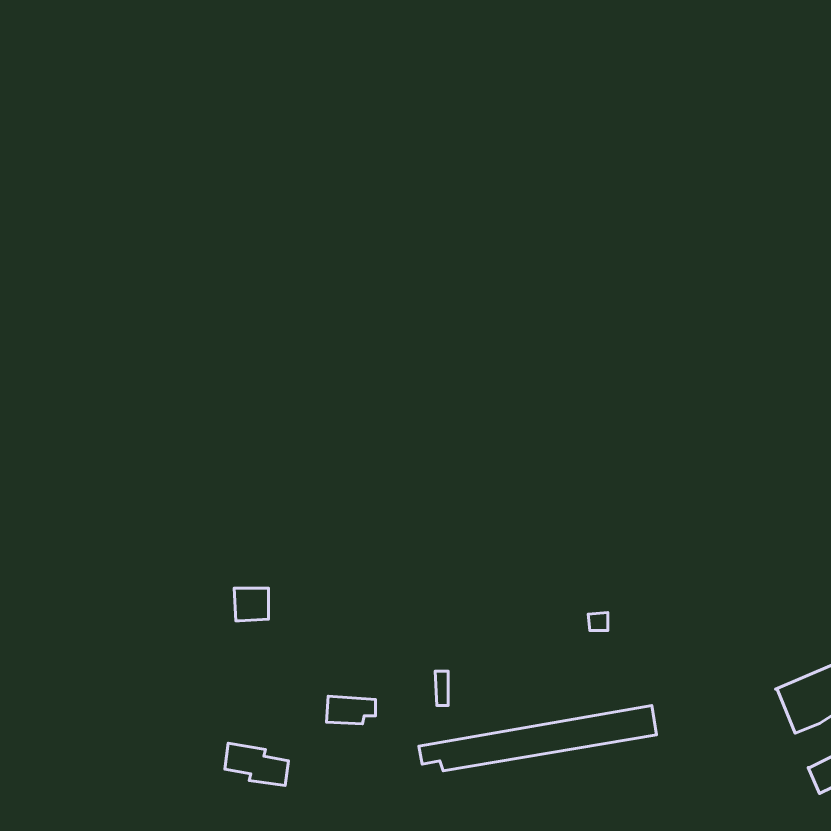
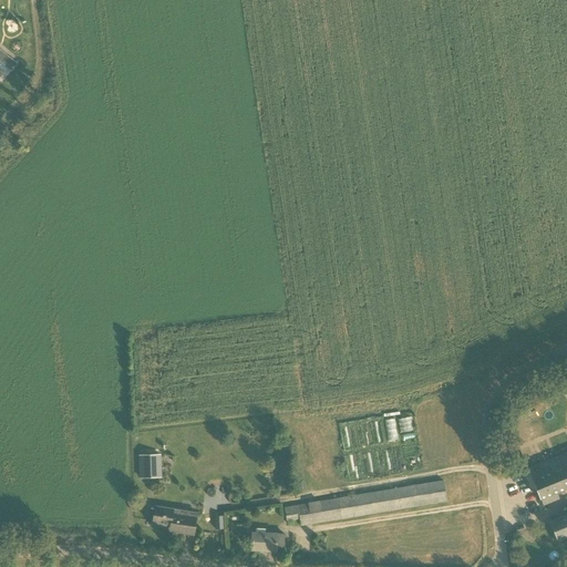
building: [234,588,268,621] -> [140,455,163,477]
building: [327,696,376,724] -> [252,532,286,550]

